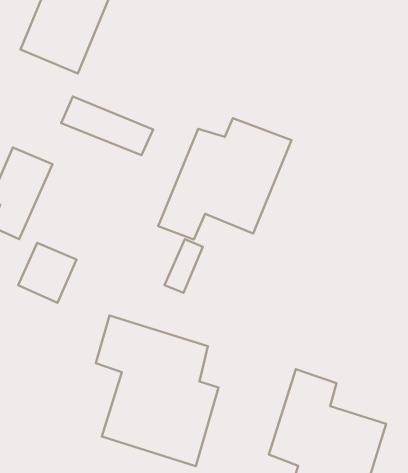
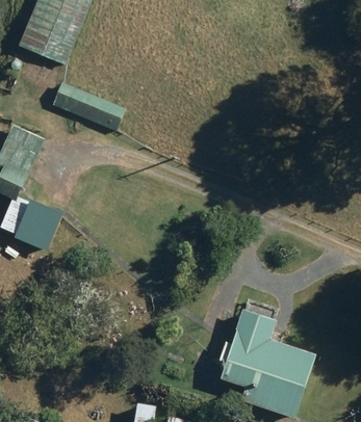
building: [158,118,292,239] -> none
building: [96,315,218,466] -> none

